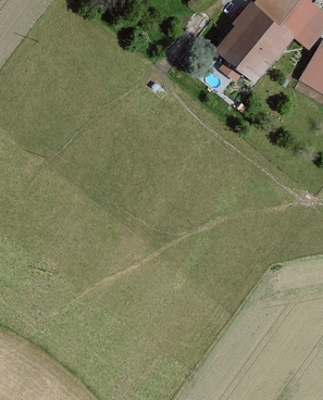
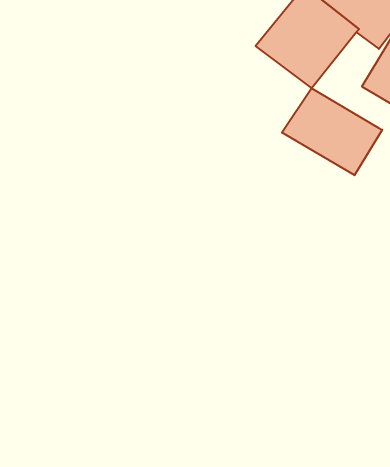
building: none -> [282,88,382,175]

